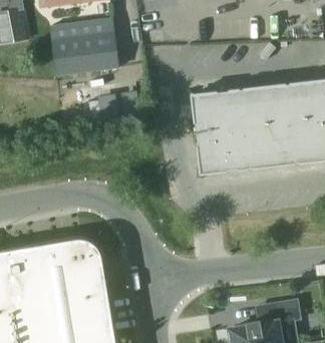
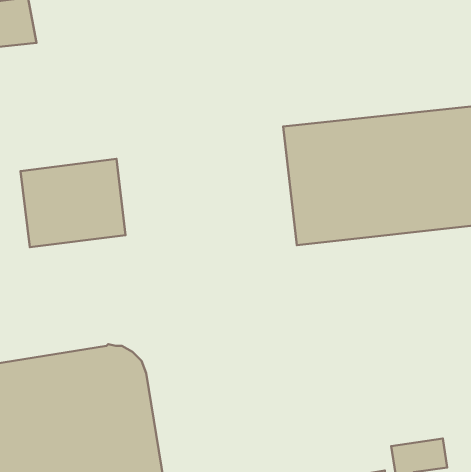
building: [49,18,118,76] -> [21,159,126,247]

